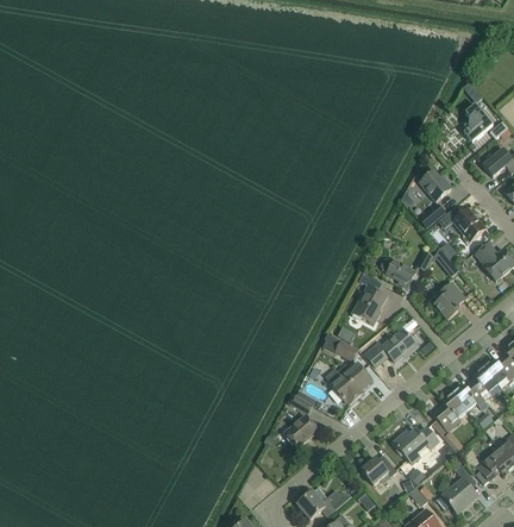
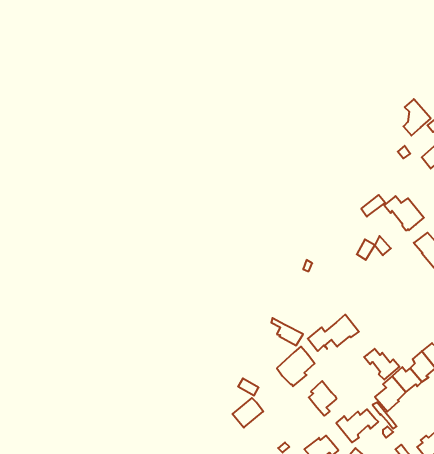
building: [419,169,452,201] -> none
building: [381,258,416,286] -> none
building: [434,281,466,320] -> none
building: [352,284,387,324] -> none
building: none -> [364,349,399,380]
building: none -> [309,381,336,416]

